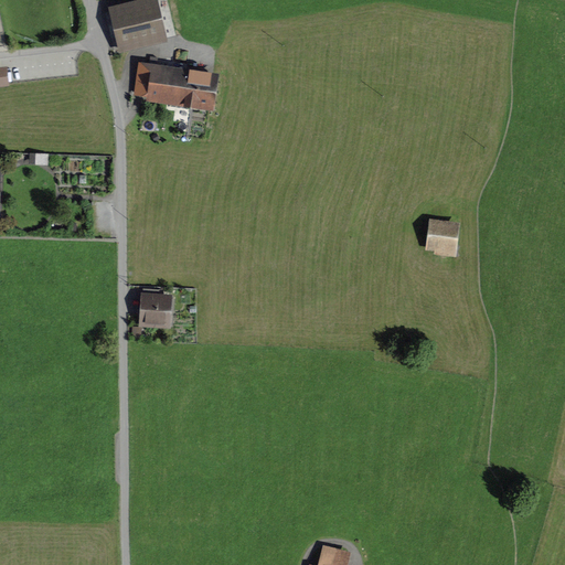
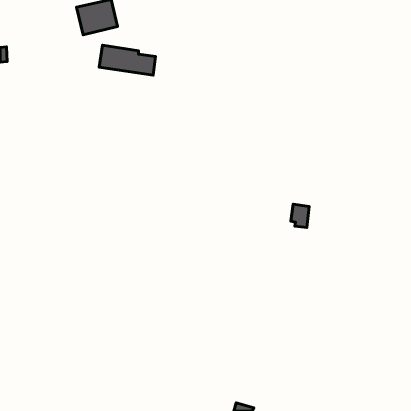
building: [430,221,456,253] -> [291,204,309,228]
building: [145,295,168,321] -> none

